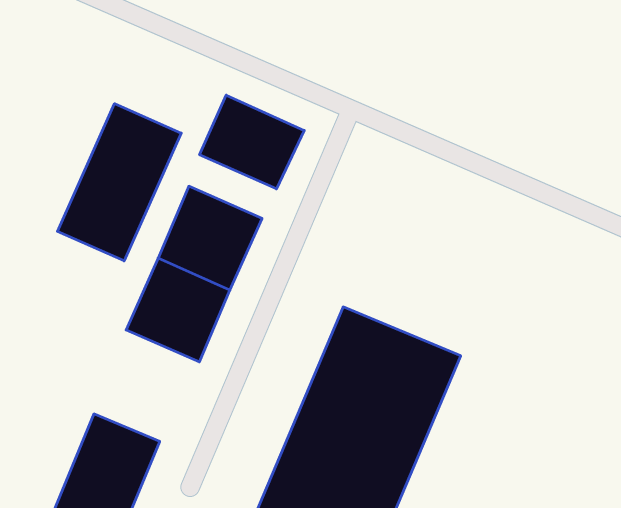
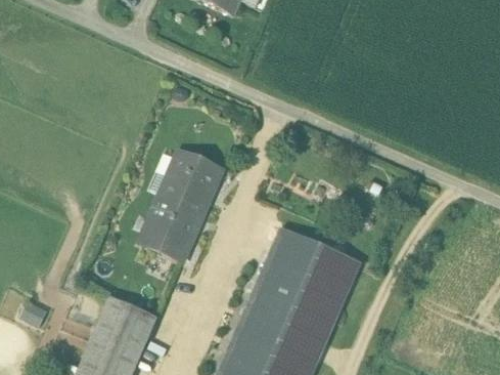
building: [200,95,304,189] -> none
building: [57,104,181,261] -> none

